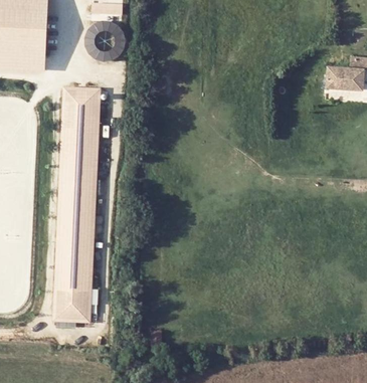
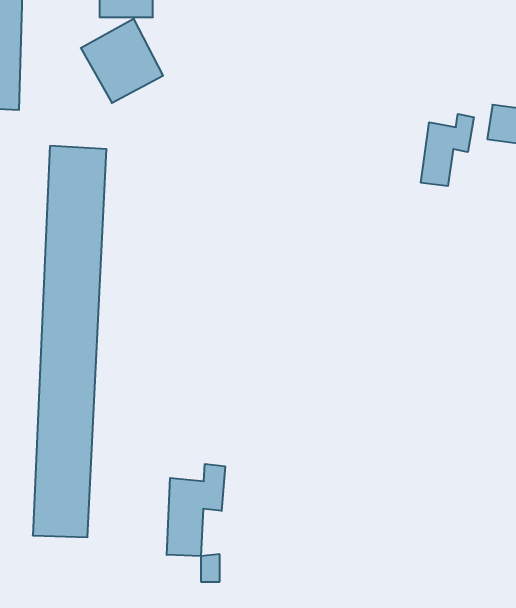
building: none -> [421,114,474,186]
building: none -> [167,464,225,556]

